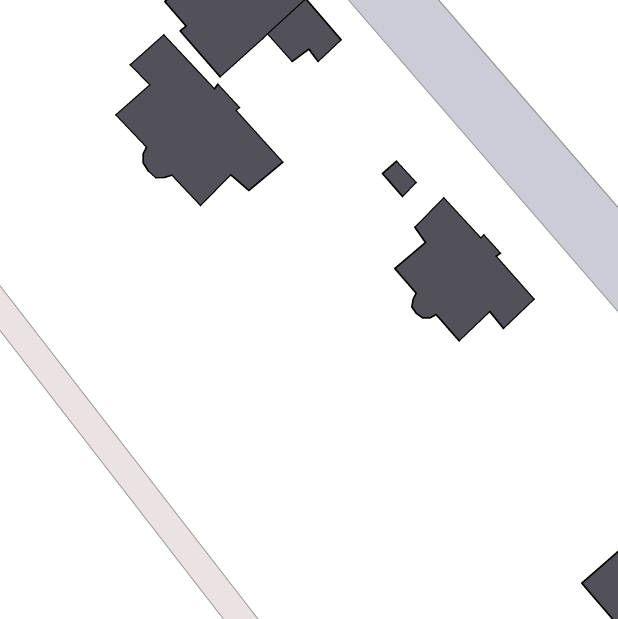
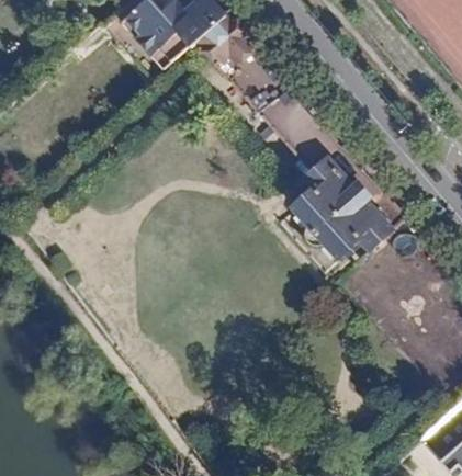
building: [116,35,283,206] -> none

